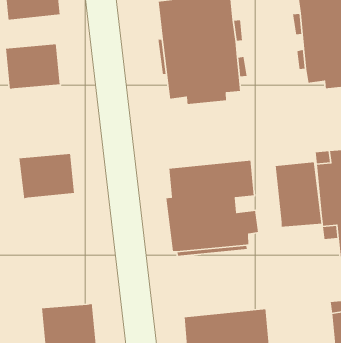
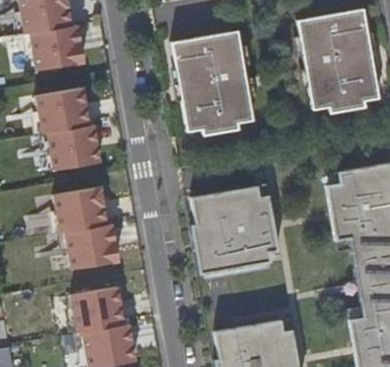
building: none -> [47,124,100,170]
building: [275,161,322,228] -> none
building: none -> [66,223,119,268]
building: none -> [72,286,125,331]

